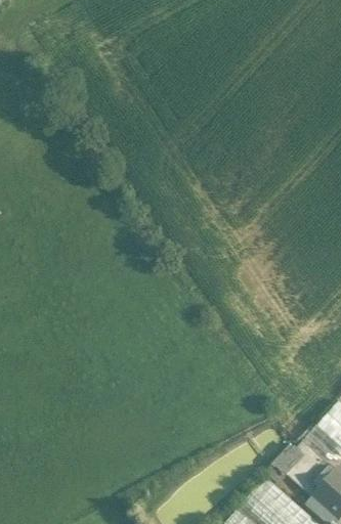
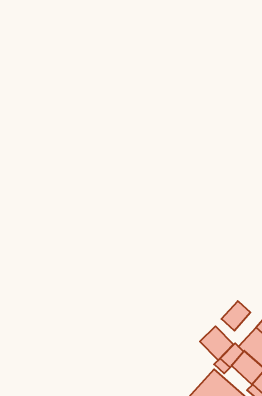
building: none -> [221,301,250,331]
building: none -> [200,326,233,360]

